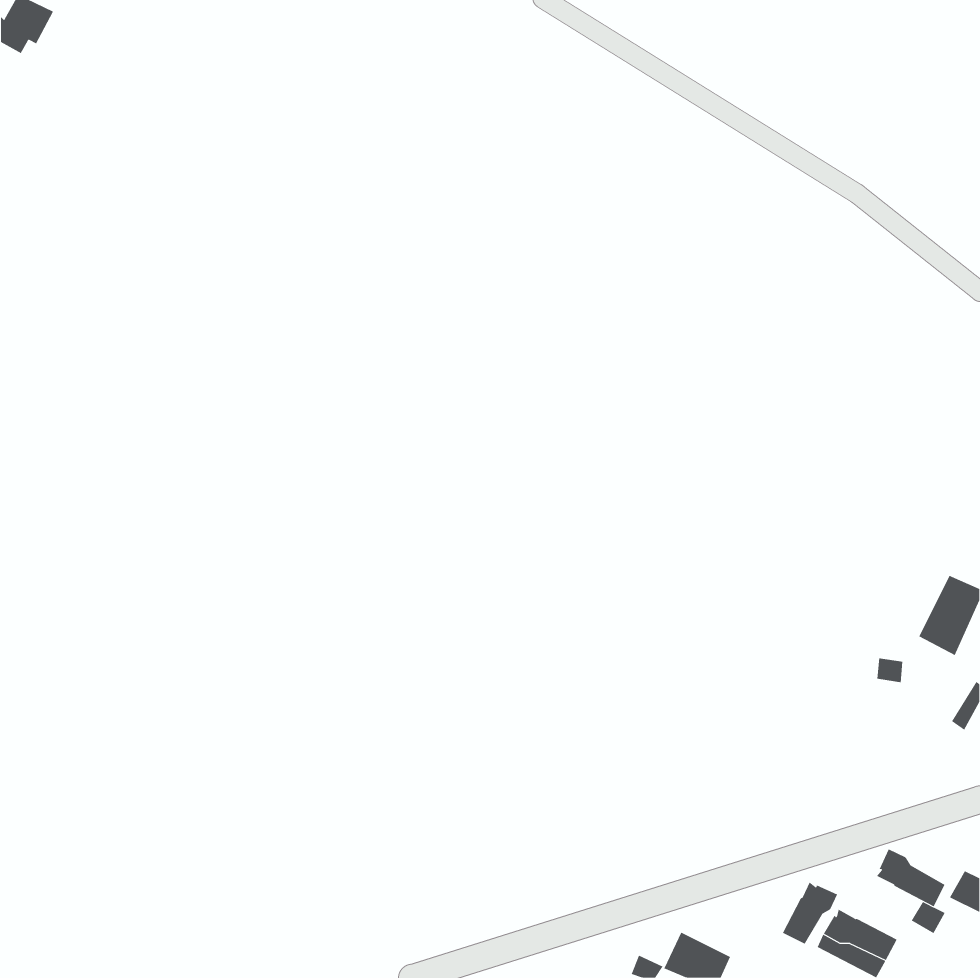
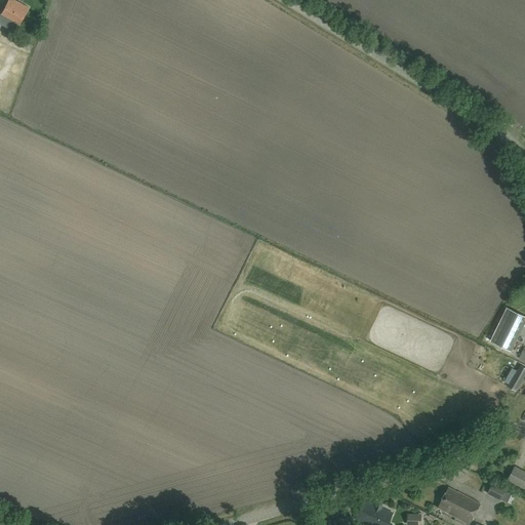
building: [876,848,945,907] -> none
building: [782,882,838,945] -> none

